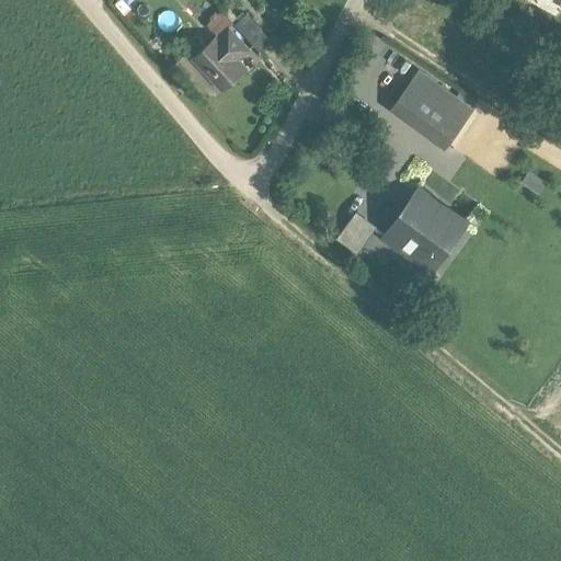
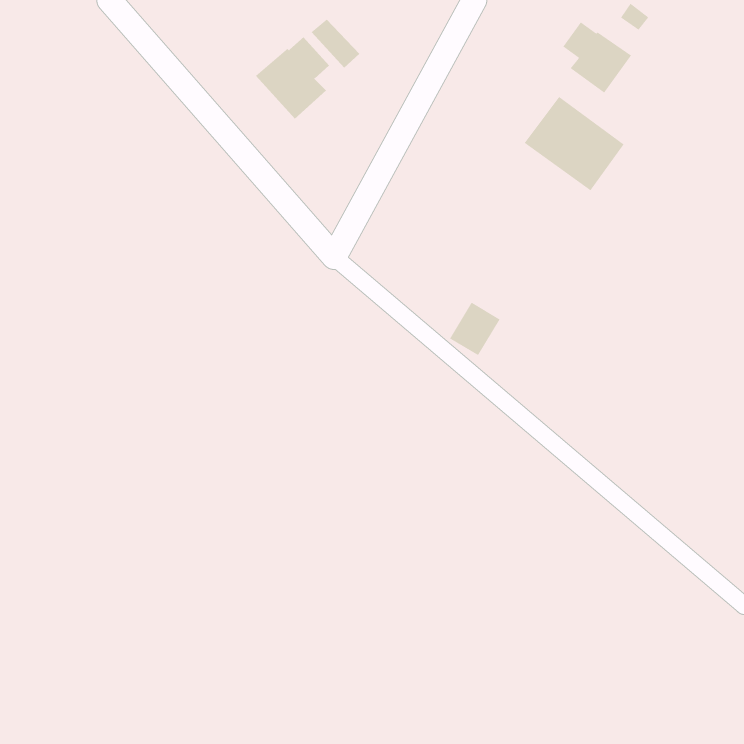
building: none -> [562,21,632,93]
building: [389,194,457,256] -> none

